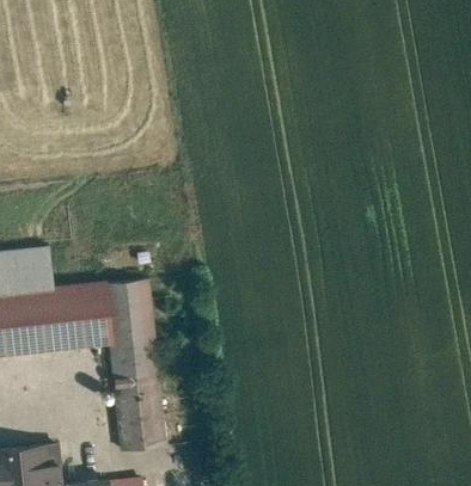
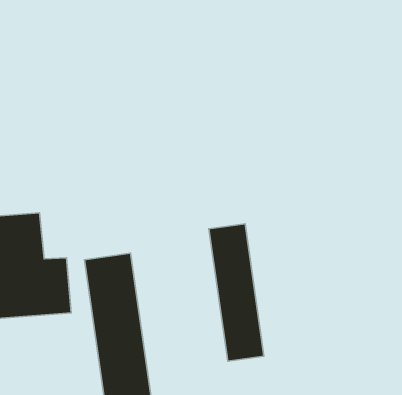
building: none -> [209,224,264,361]

